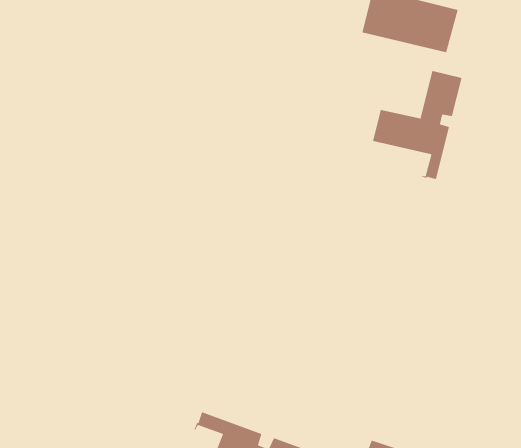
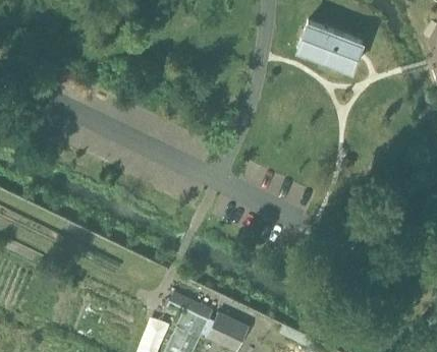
building: [372,70,462,180] -> none

